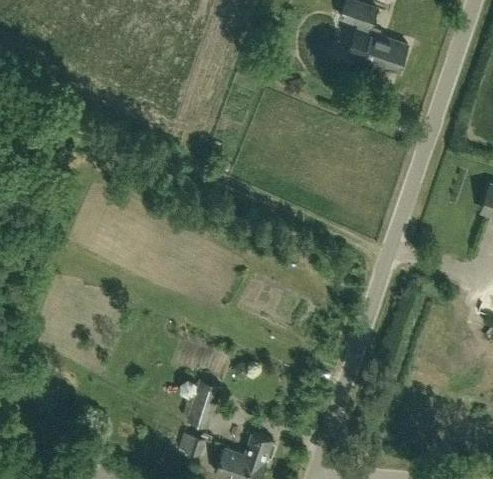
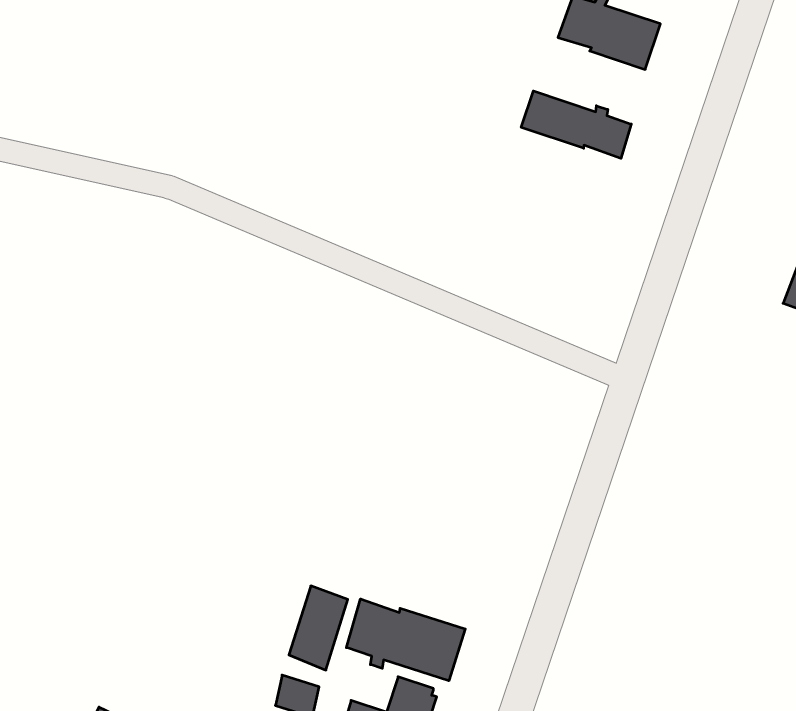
building: none -> [521,91,631,158]
building: none -> [346,599,465,681]

